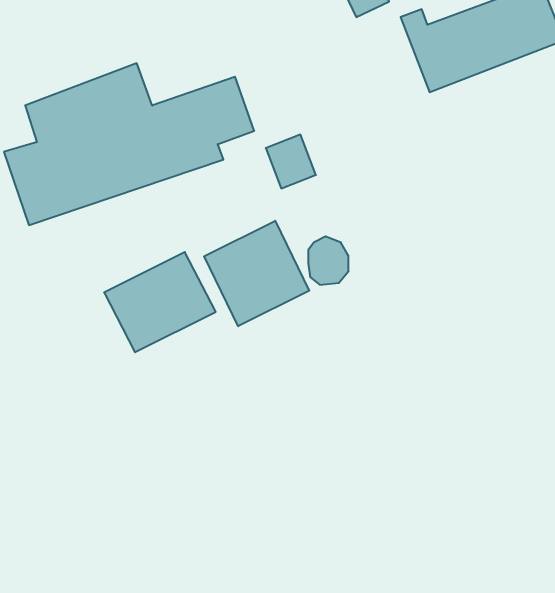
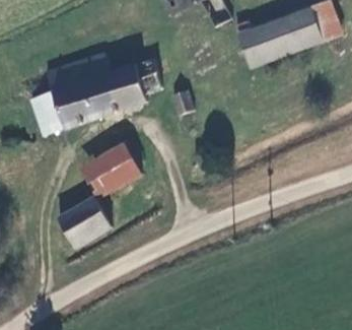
building: [204,221,309,326] -> none
building: none -> [60,201,111,249]

